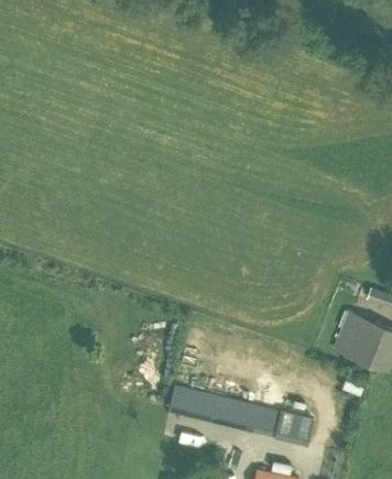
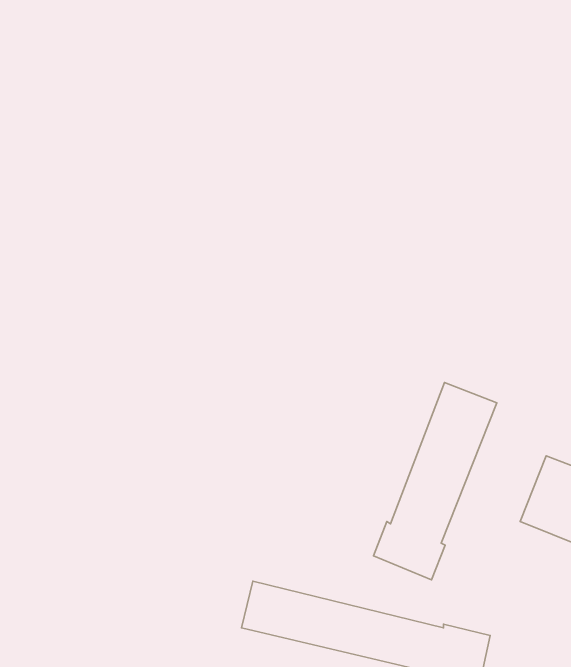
building: none -> [373,382,497,580]

